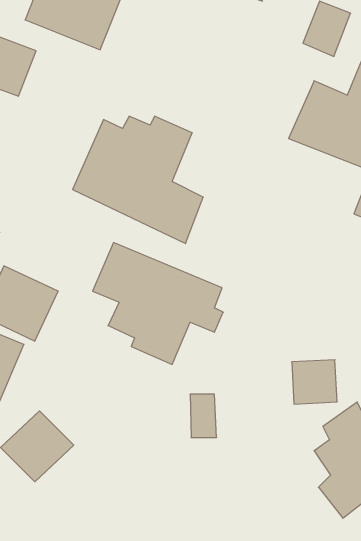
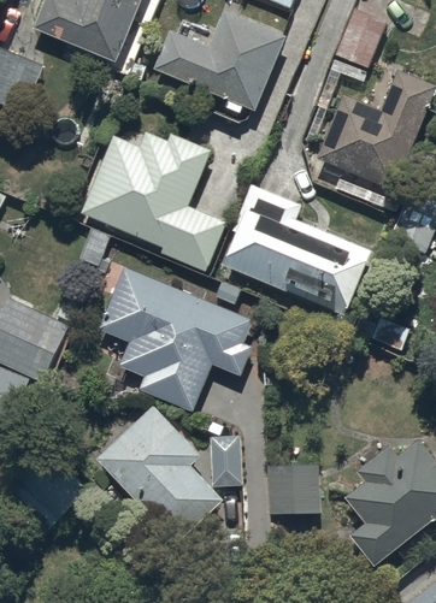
building: none -> [153,14,281,108]
building: none -> [223,183,367,318]
building: [292,360,337,404] -> [267,463,317,512]
building: none -> [100,409,216,537]

